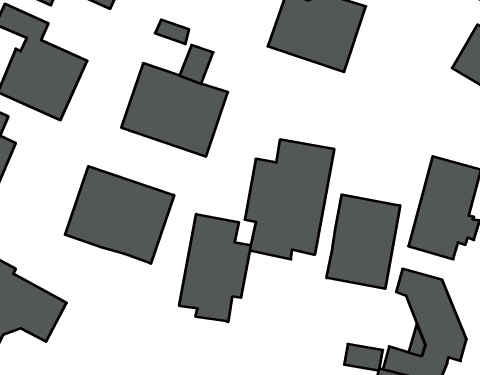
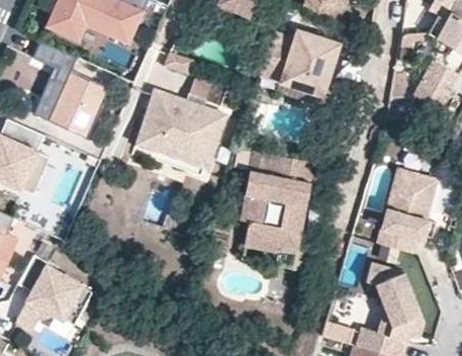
building: [65,166,174,264] -> none
building: [327,195,400,289] -> none
building: [179,214,251,322] -> none

